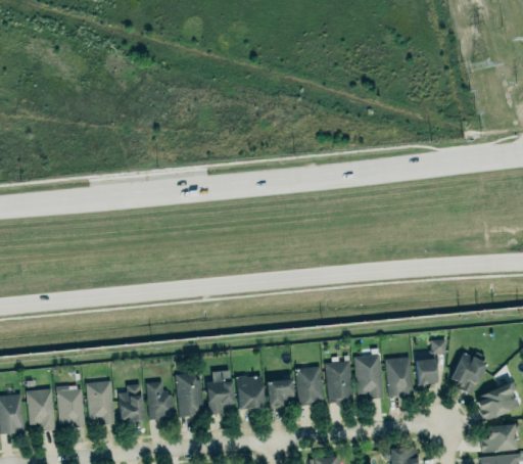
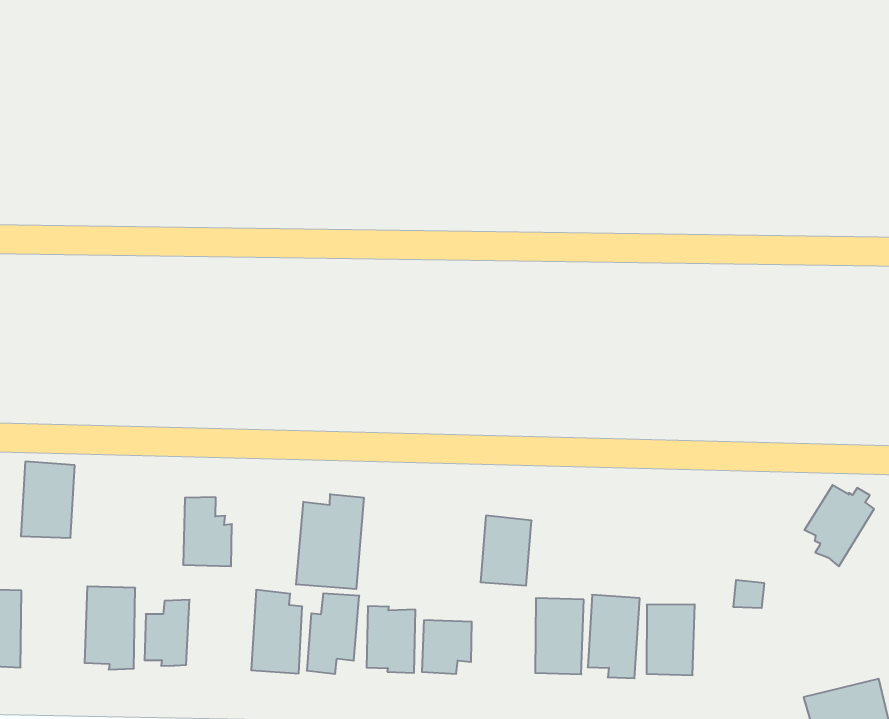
building: none -> [296,494,364,589]
building: [450,352,486,395] -> [804,485,874,566]
building: [415,357,436,383] -> none
building: [296,368,322,404] -> [480,516,532,585]
building: [146,381,175,419] -> [183,497,232,566]
building: [55,386,84,427] -> [21,462,75,538]

